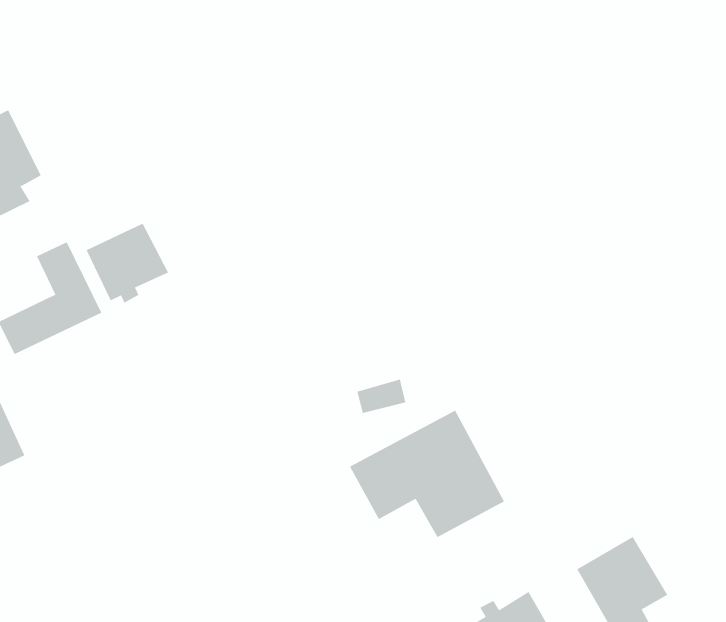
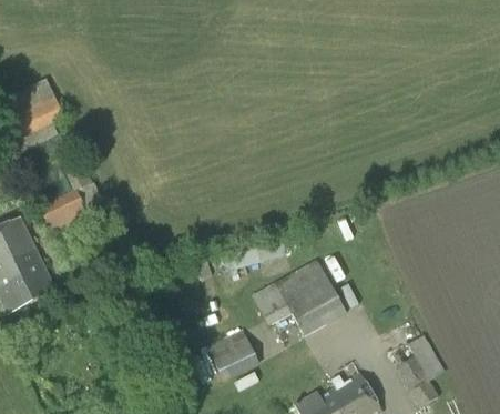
building: [86,223,169,304] -> none
building: none -> [211,337,259,382]

